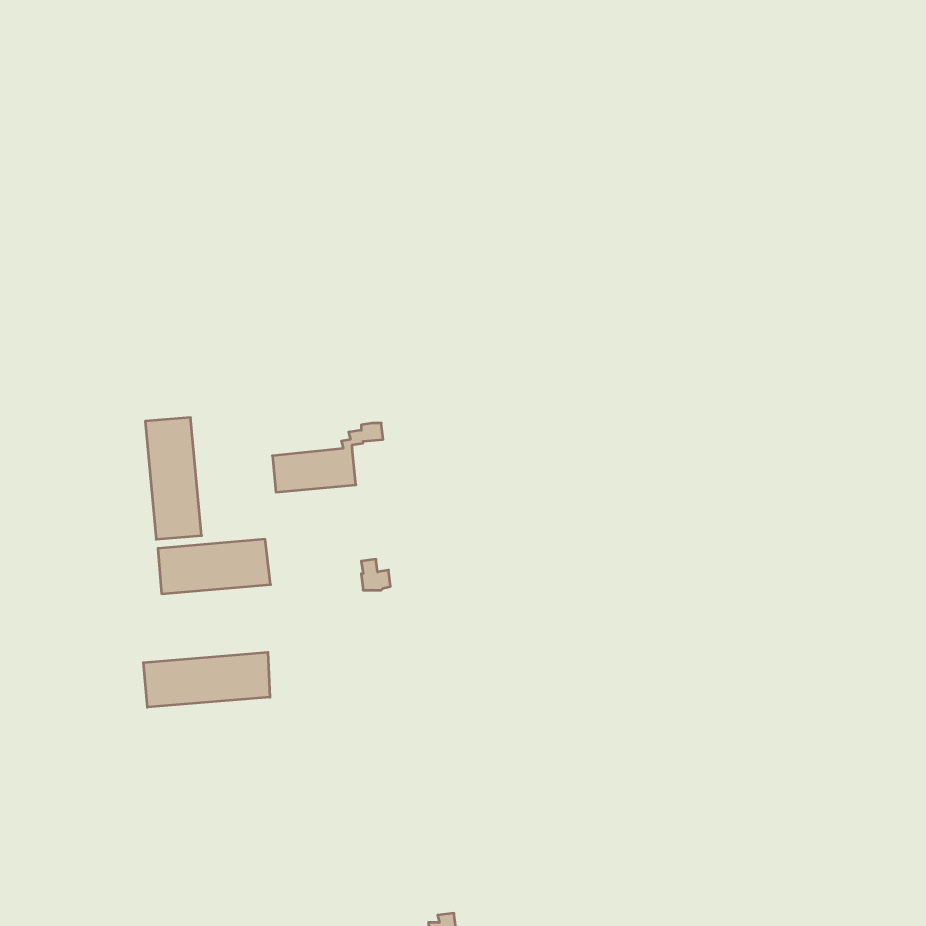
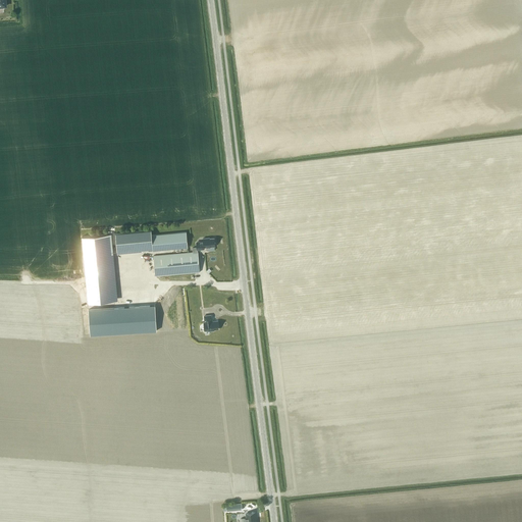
building: none -> [116,231,189,255]
building: [143,652,270,707] -> none

